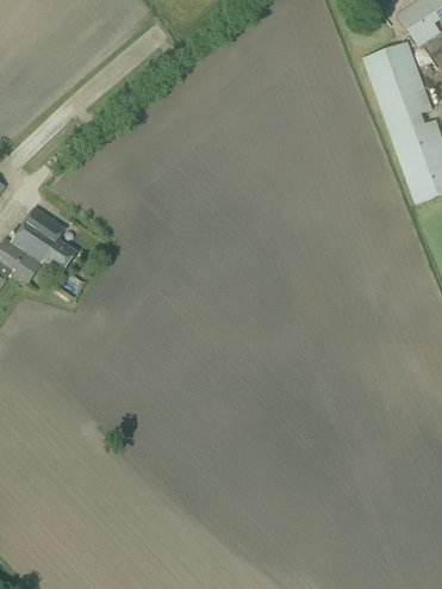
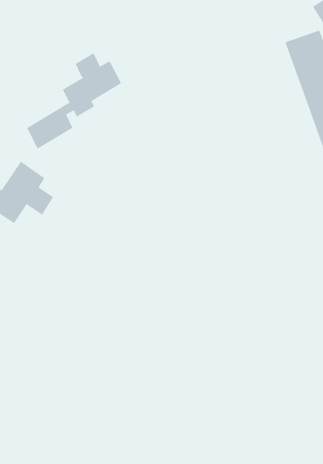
building: none -> [26,53,122,150]

